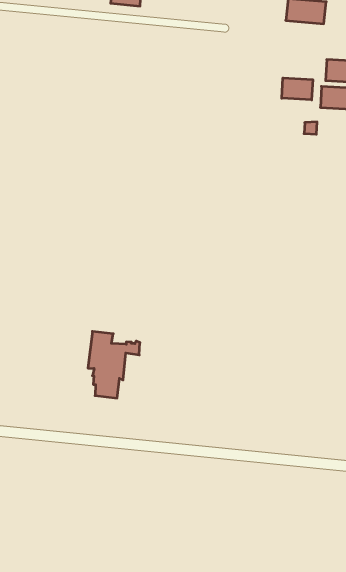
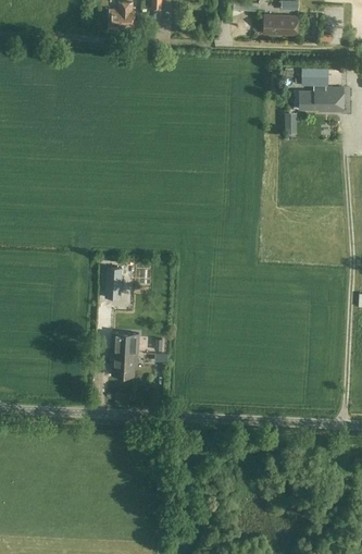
building: [282,78,313,100] -> none
building: none -> [105,268,123,299]

